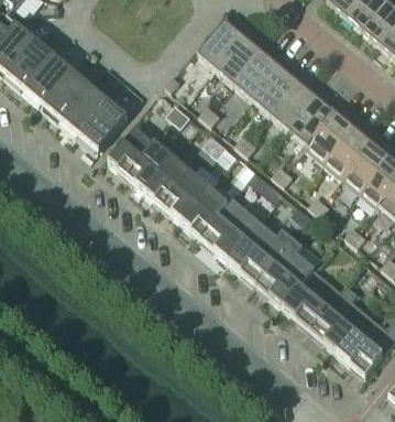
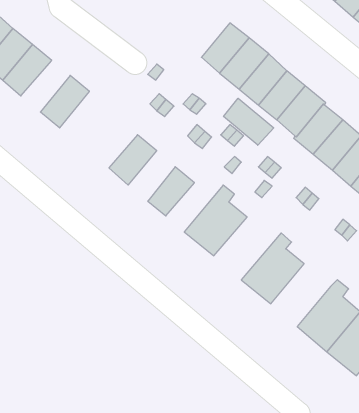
building: [197,20,243,68] -> none
building: [42,72,89,121] -> none
building: [79,101,127,152] -> none
building: none -> [224,98,274,145]
building: [108,127,154,175] -> none
building: [145,159,190,207] -> none
building: [182,190,227,237] -> none
building: [228,223,293,283] -> none
building: [283,268,340,328] -> none

